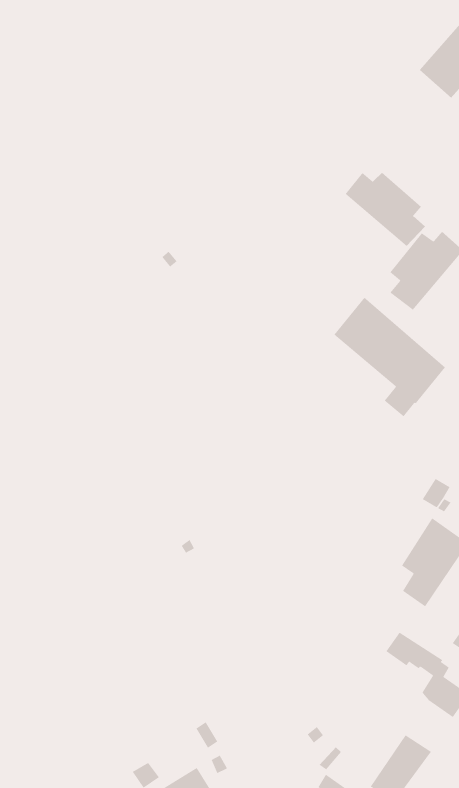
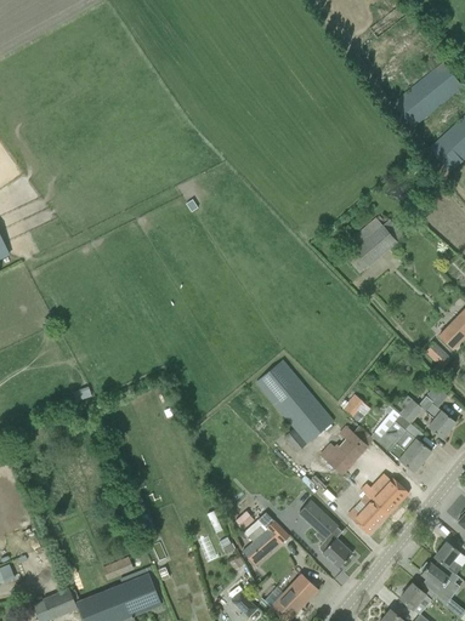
building: [345,172,426,247] -> none
building: [333,297,446,417] -> [256,360,333,451]
building: none -> [242,512,288,565]

